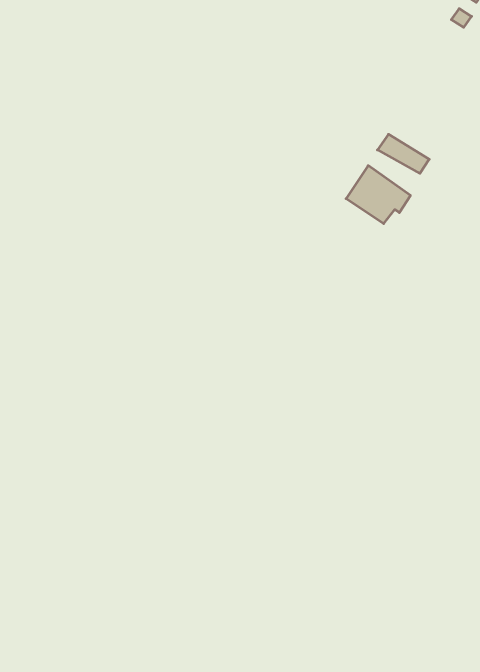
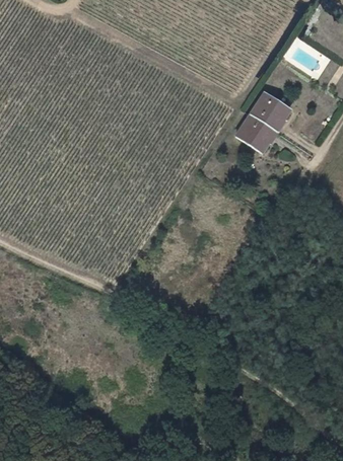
building: none -> [251,102,285,132]

